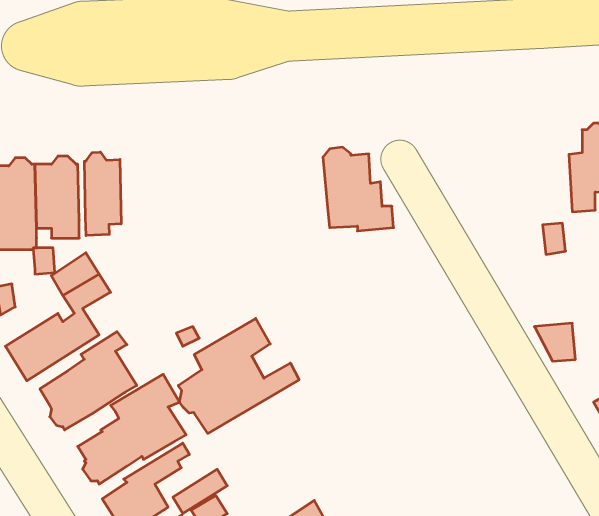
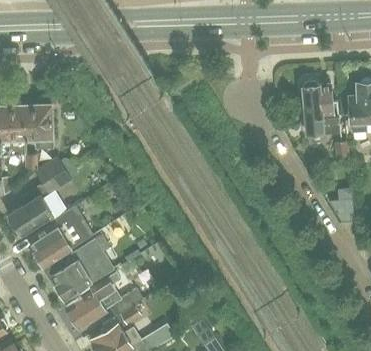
building: [323,147,394,231] -> [302,80,345,131]
building: [84,152,121,236] -> none
building: [178,318,299,433] -> none

